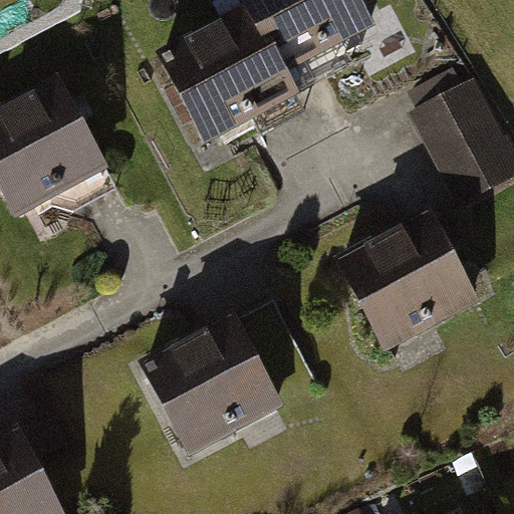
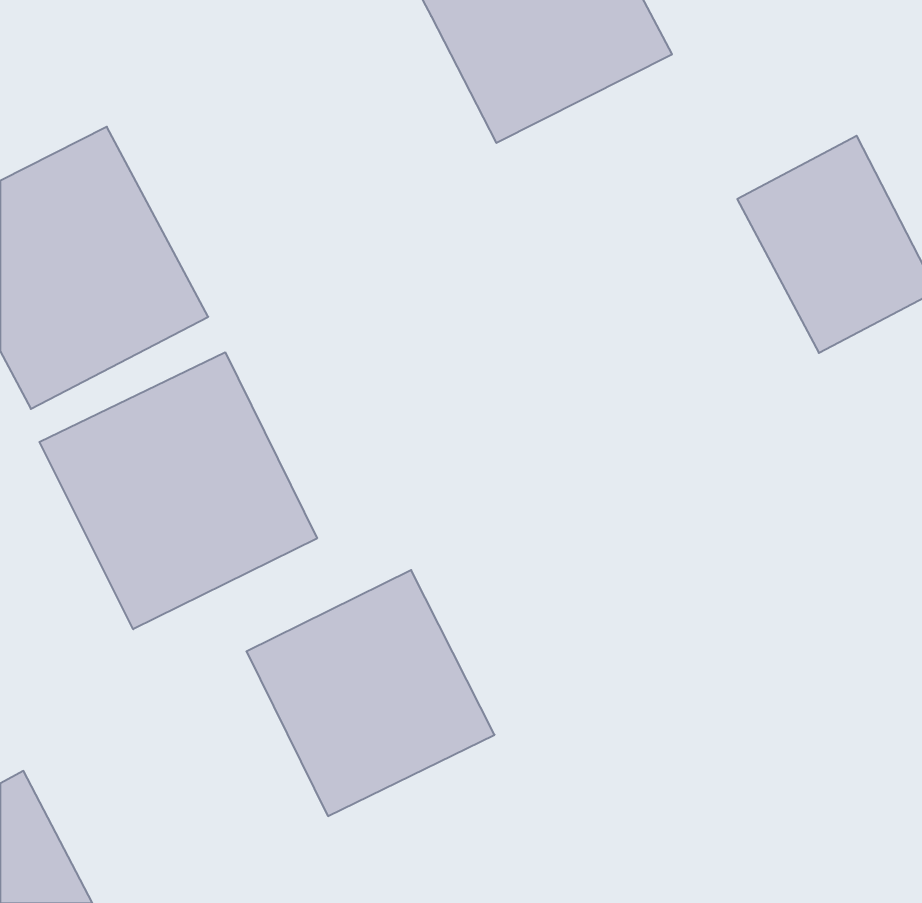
building: [159,9,286,140] -> none
building: none -> [39,352,317,629]
building: [338,213,476,352] -> none

